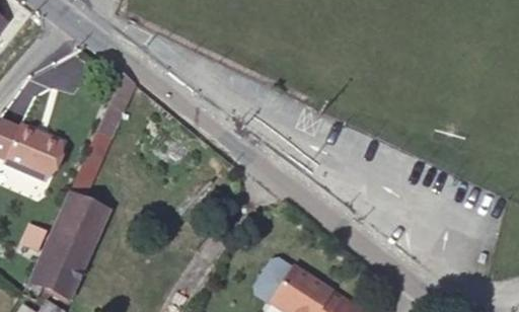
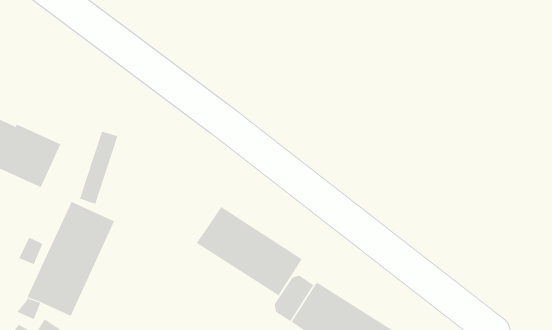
building: none -> [196,206,303,296]

